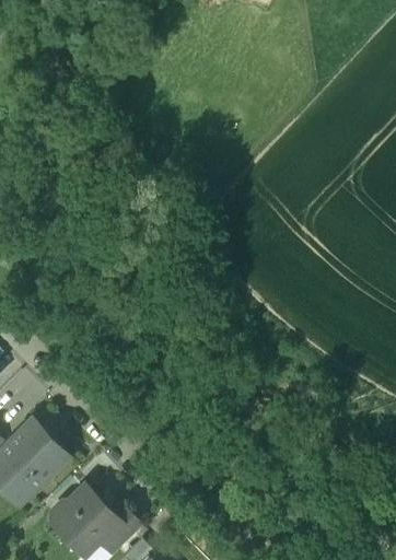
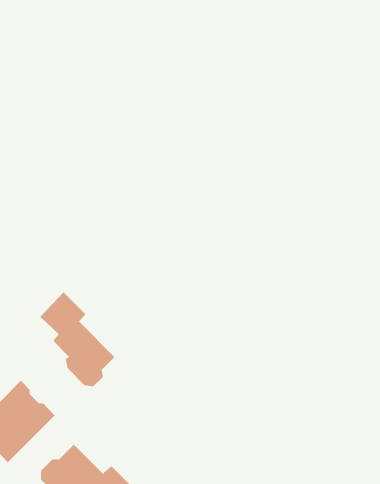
building: none -> [40,292,115,387]

